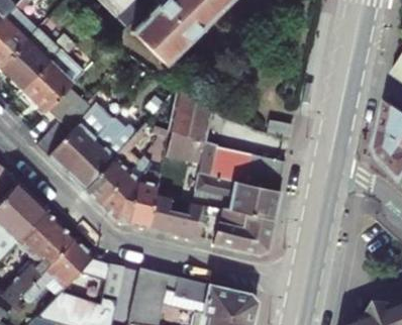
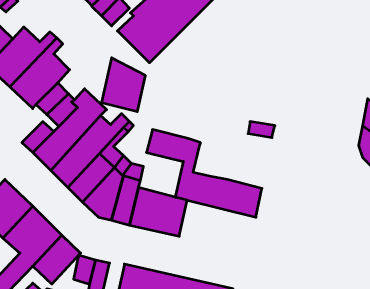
building: [168,87,212,141] -> [102,58,145,112]
building: [209,146,286,192] -> none
building: [195,204,273,255] -> none

